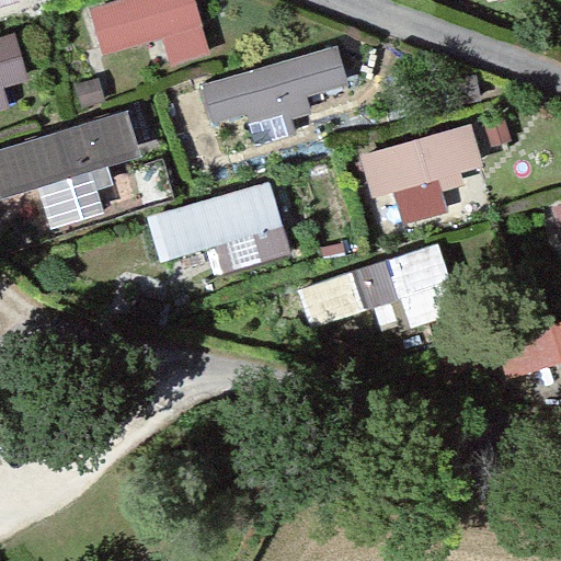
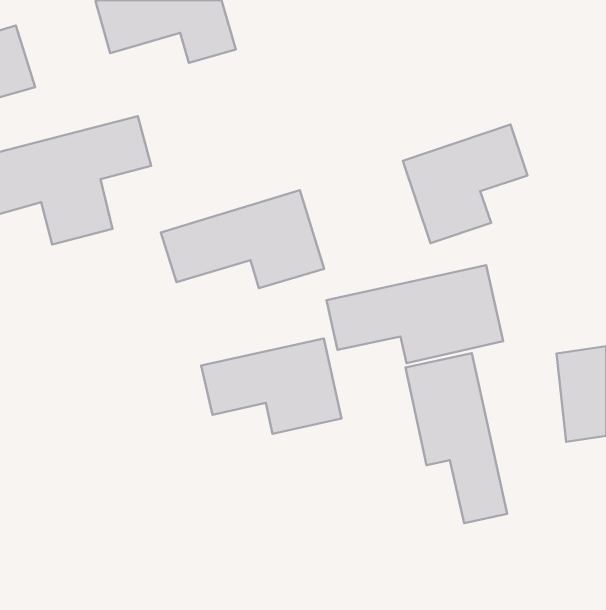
building: [202,46,351,133] -> none
building: none -> [201,338,341,434]
building: none -> [406,353,507,523]

